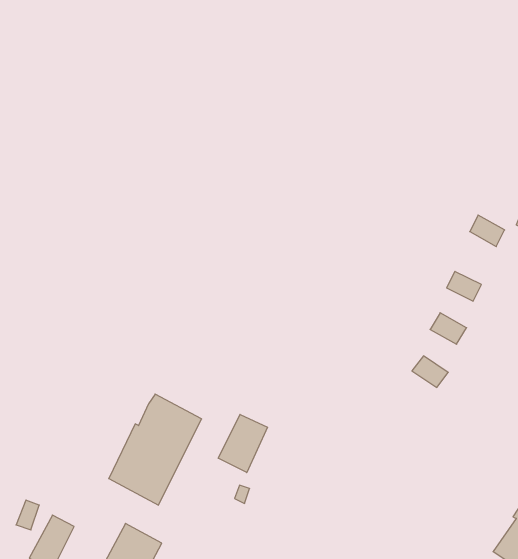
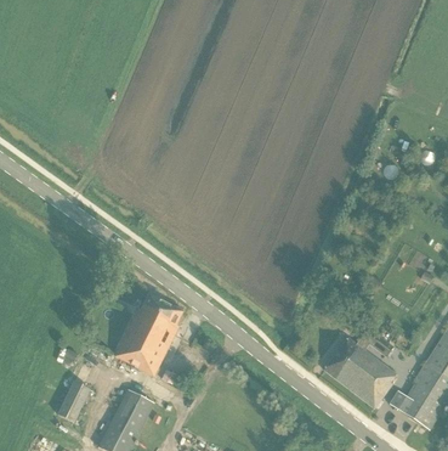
building: [218,414,267,473] -> none
building: none -> [325,327,395,406]

